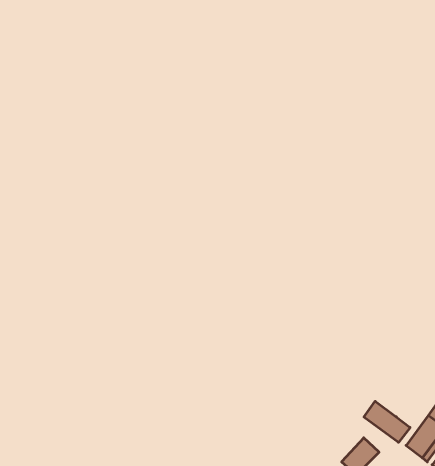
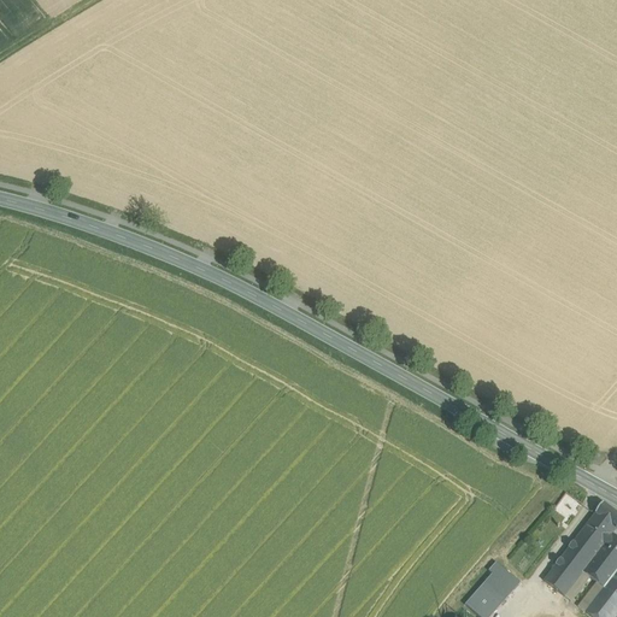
building: [364,401,410,442] -> none

